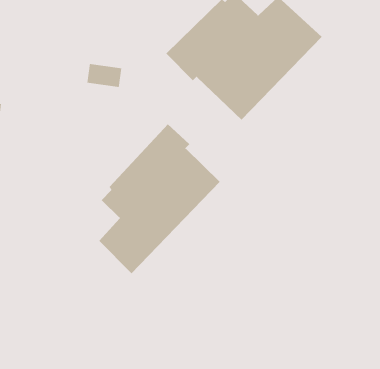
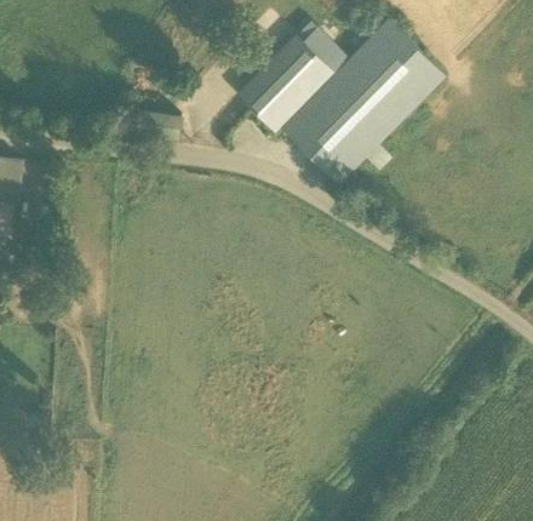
building: [99,124,221,274] -> none

